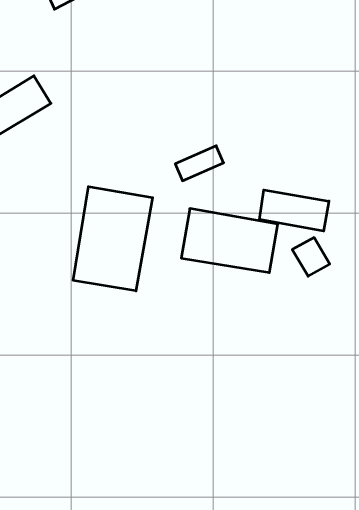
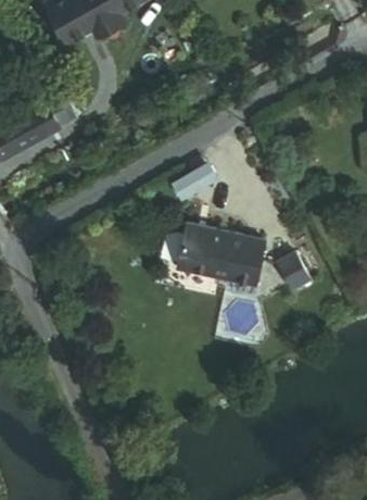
building: [73,187,153,291] -> none
building: [259,190,329,231] -> none

